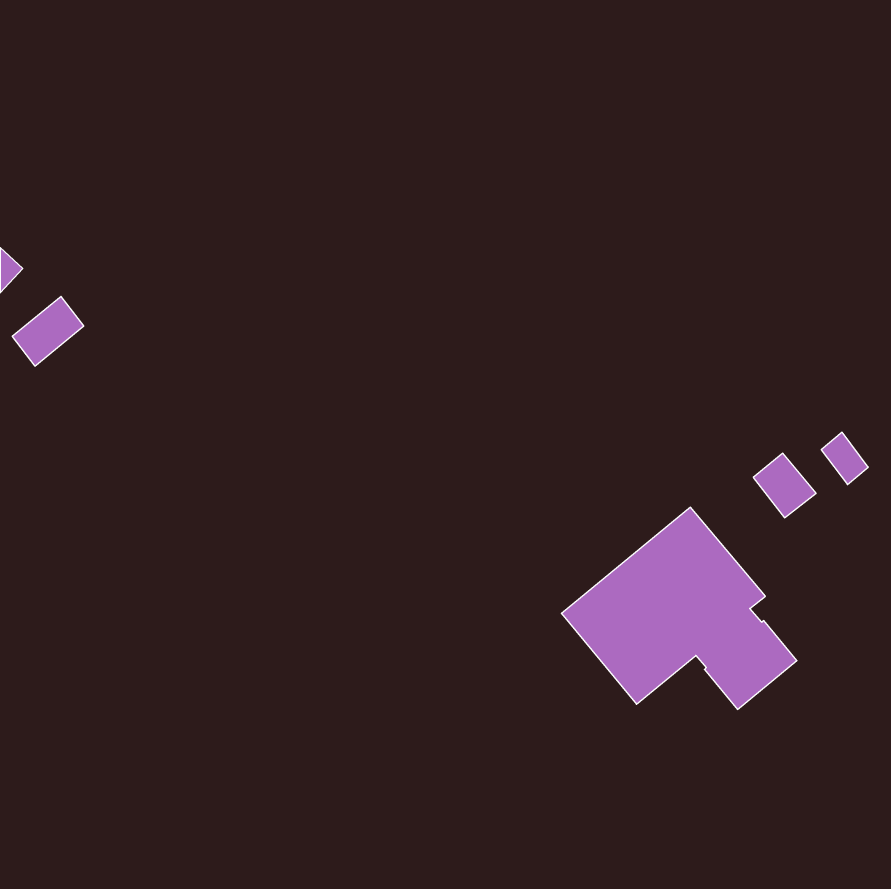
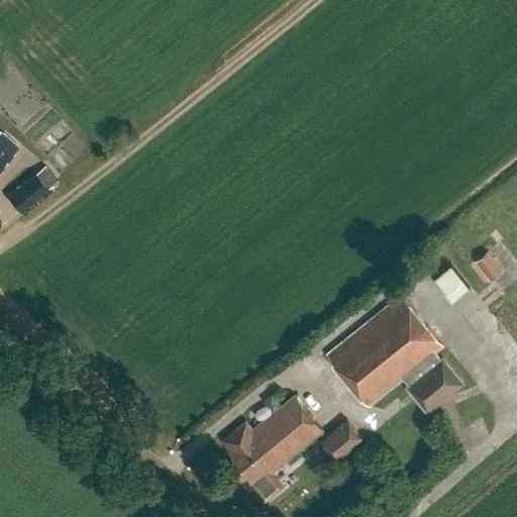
building: none -> [223,395,324,501]
building: none -> [320,422,361,462]

